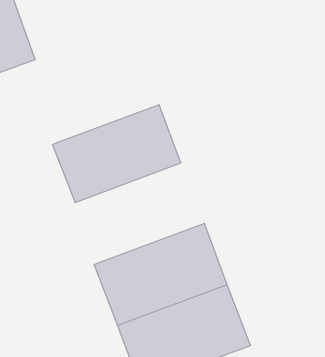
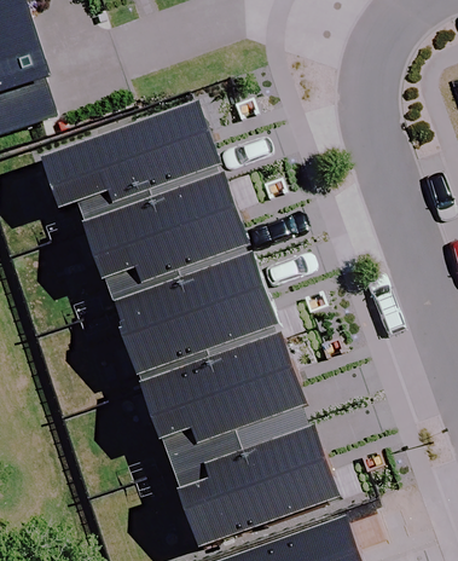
building: none -> [40,100,222,221]
building: none -> [110,248,283,382]

